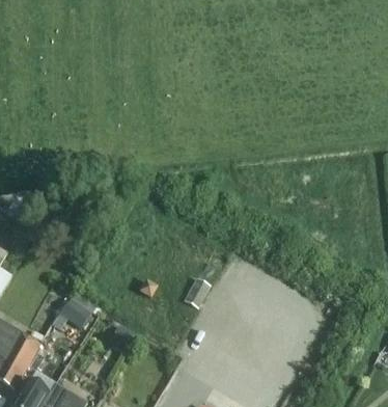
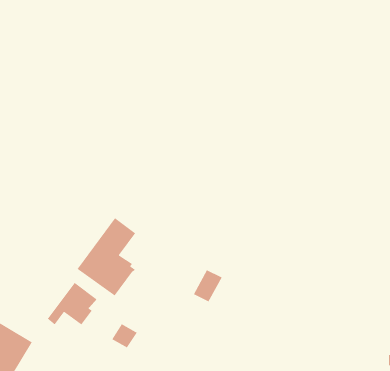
building: none -> [76,217,136,297]

